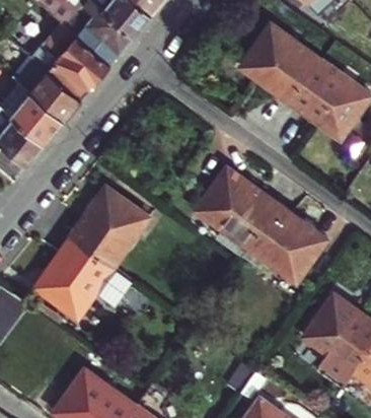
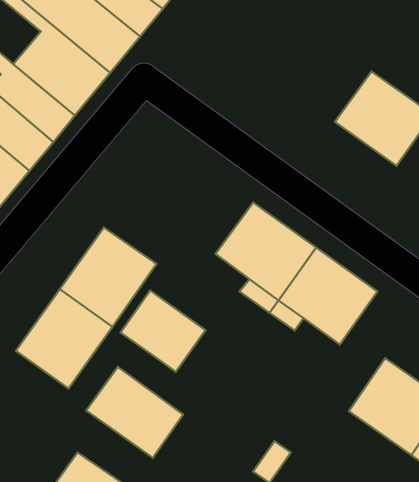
building: [241,25,321,102] -> none
building: none -> [120,291,206,372]
building: none -> [86,367,183,458]

